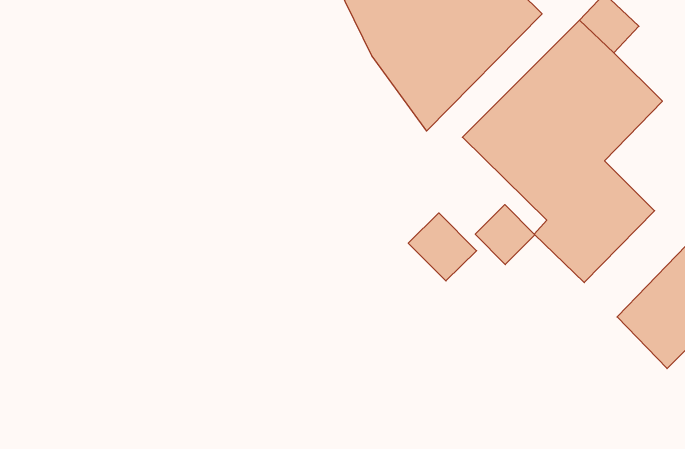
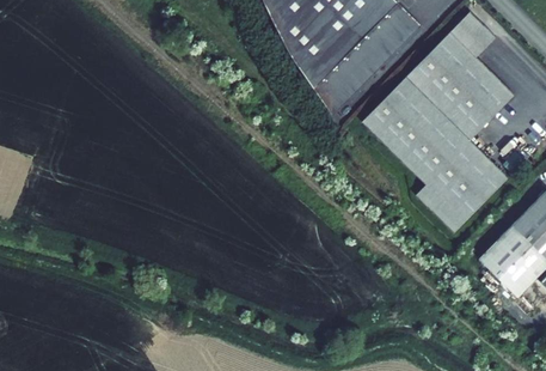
building: [475,205,535,265] -> none
building: [408,213,477,281] -> none

